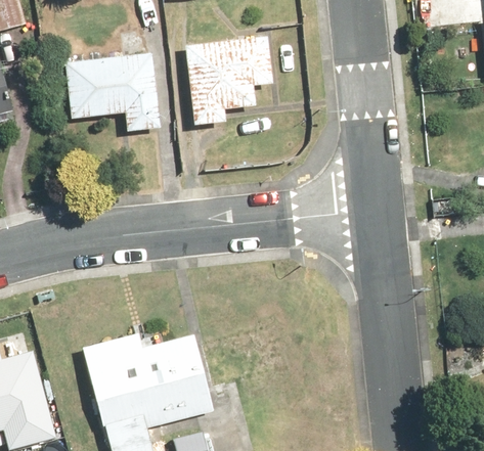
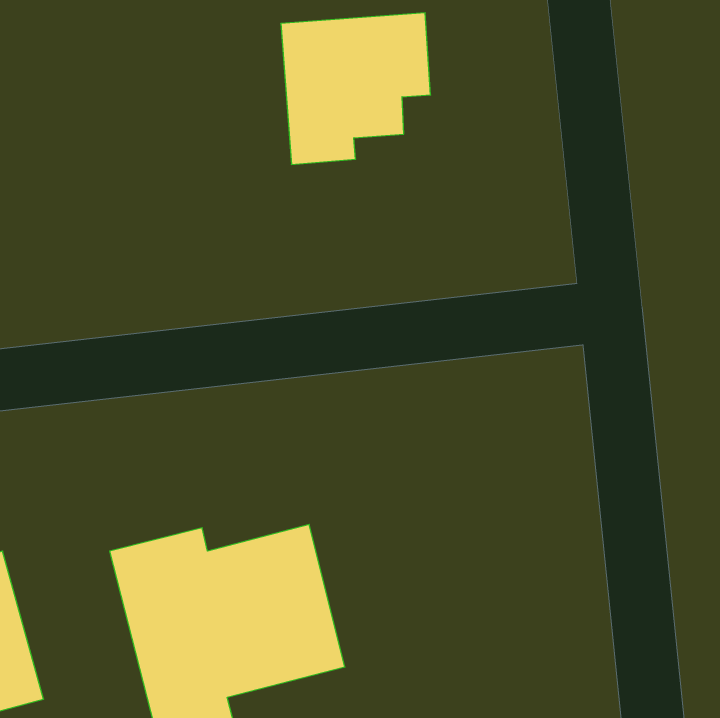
building: [64,53,162,133] -> none

